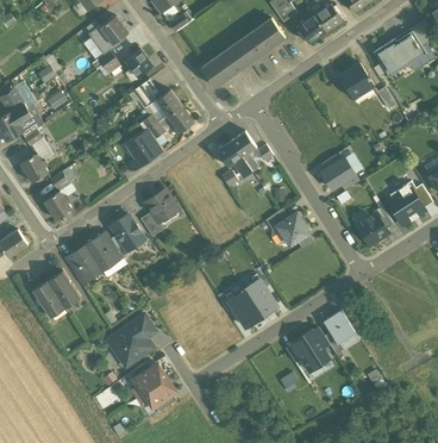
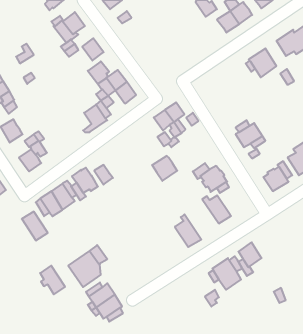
building: [200,18,283,86] -> none
building: [145,189,177,222] -> [152,156,177,181]
building: [32,280,64,317] -> [40,266,65,294]
building: [224,291,261,326] -> [202,195,231,223]

